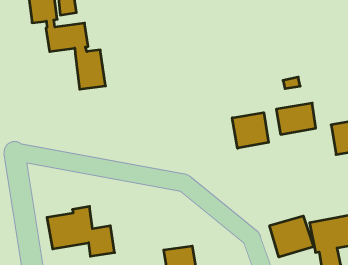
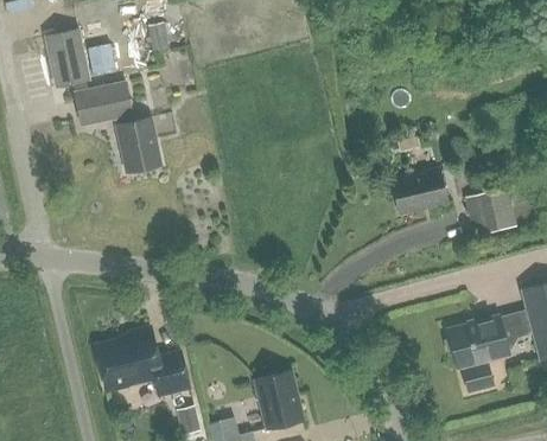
building: [232,113,269,148] -> none
building: [270,216,313,257] -> none

